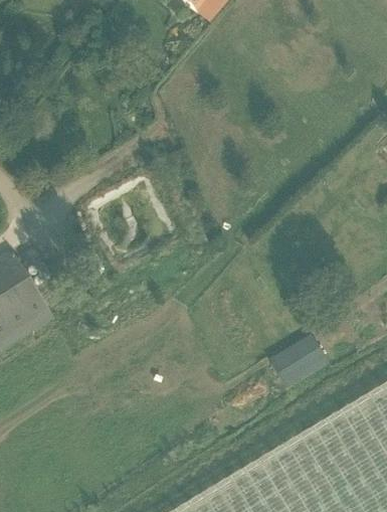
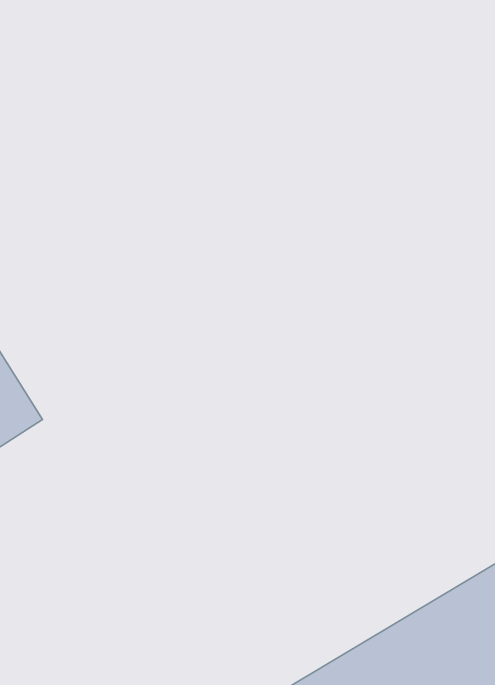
building: [269,337,329,392] -> none

